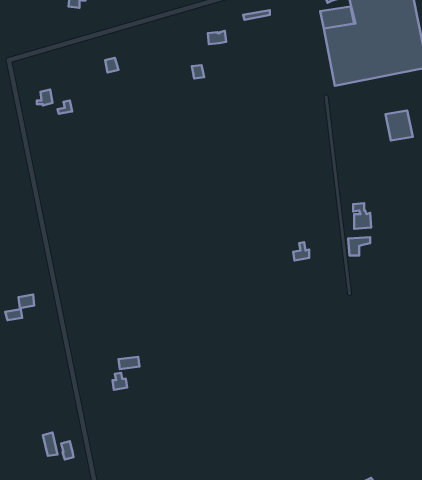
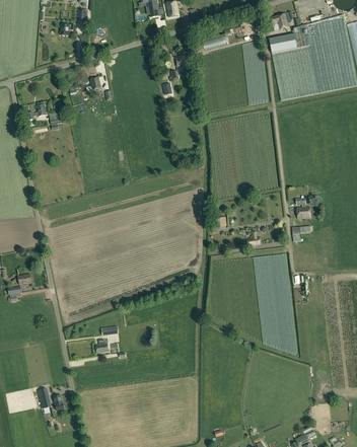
building: [385,110,413,141] -> none

